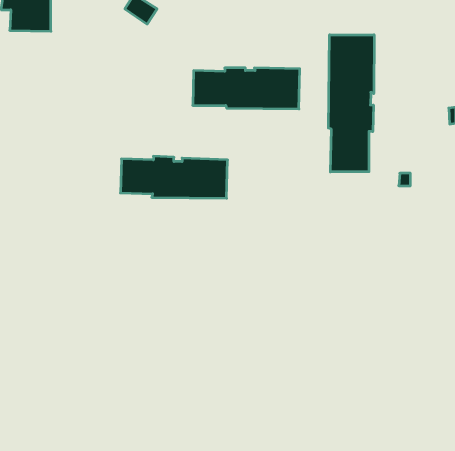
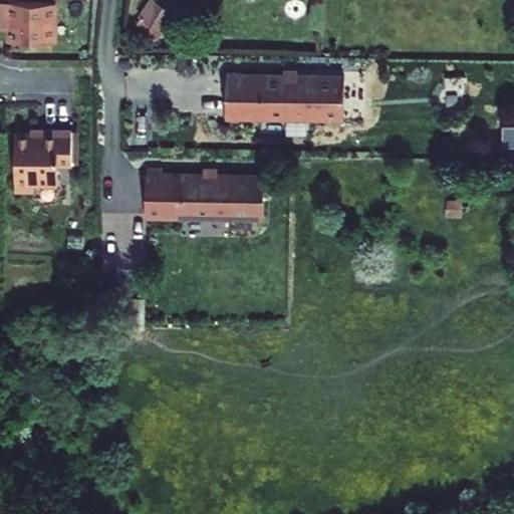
building: [328,35,374,172] -> none
building: none -> [17,122,73,184]

